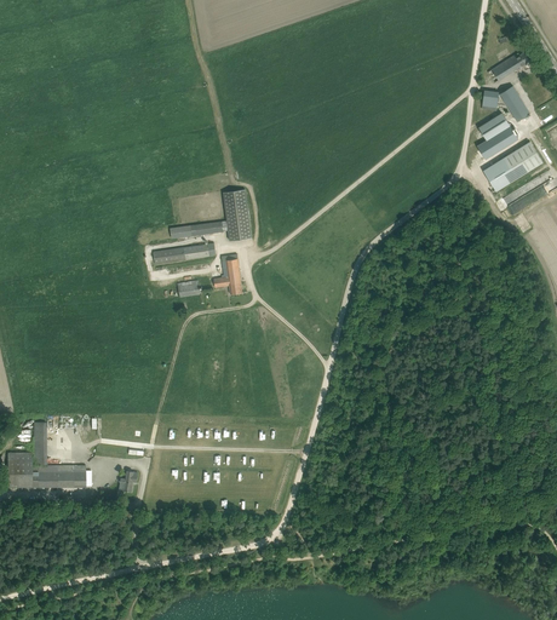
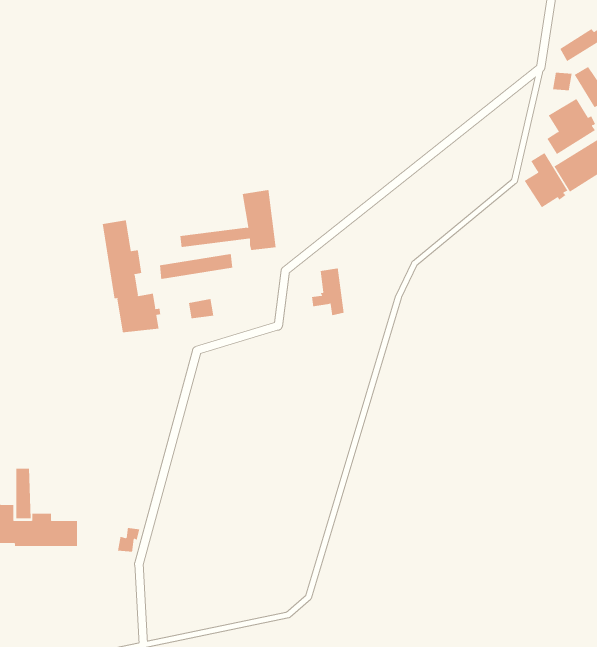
building: none -> [524,152,568,208]
building: none -> [102,220,161,333]
building: [214,254,242,294] -> [311,268,344,316]

